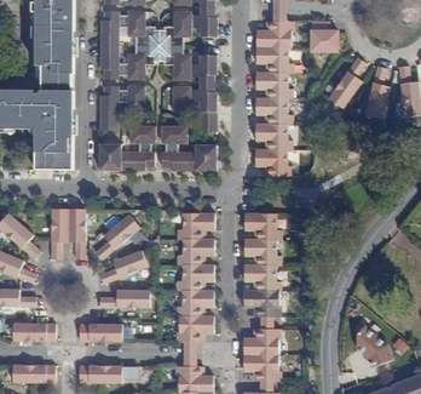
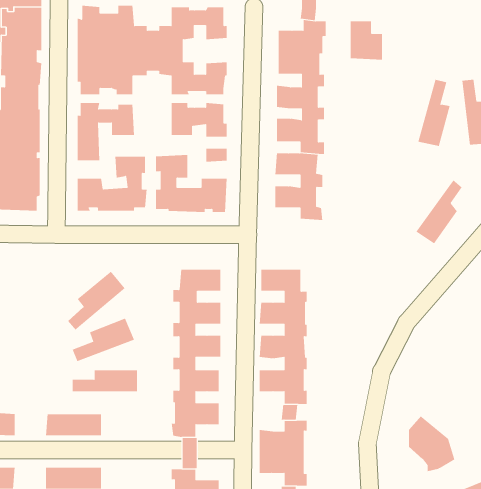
building: [328,58,364,108] -> [416,180,463,244]
building: [50,209,83,259] -> none

